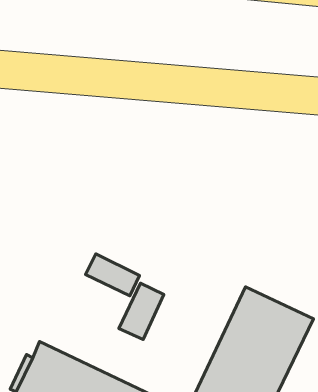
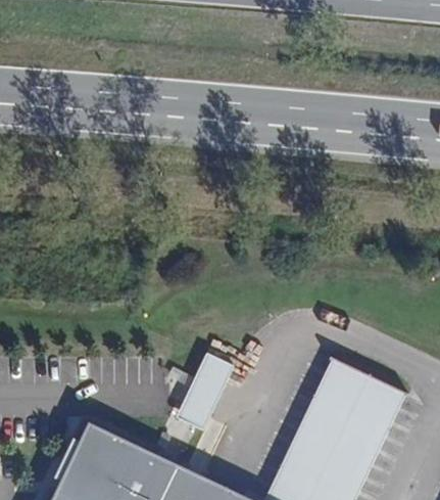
building: [86,254,140,296] -> none

